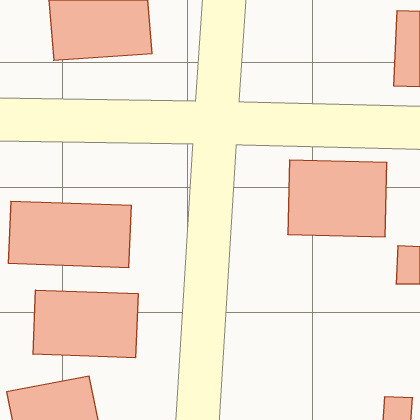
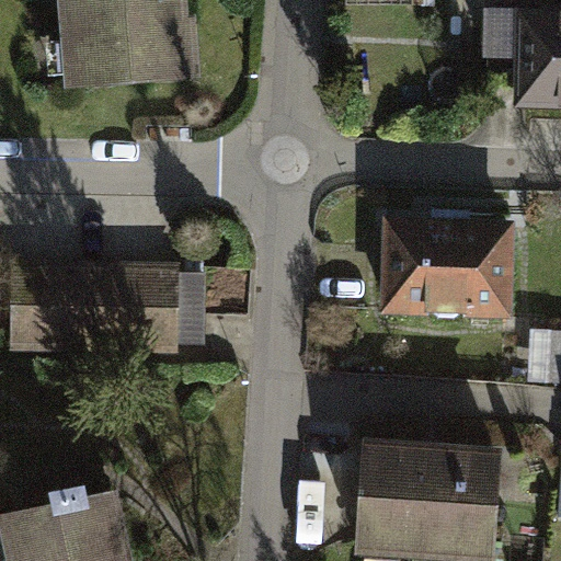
building: [33,290,138,358] -> none
building: none -> [347,437,501,556]

